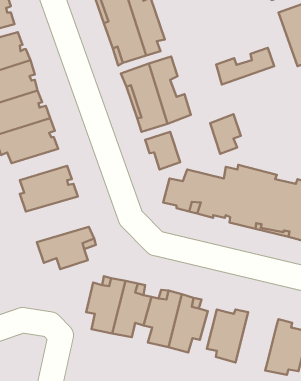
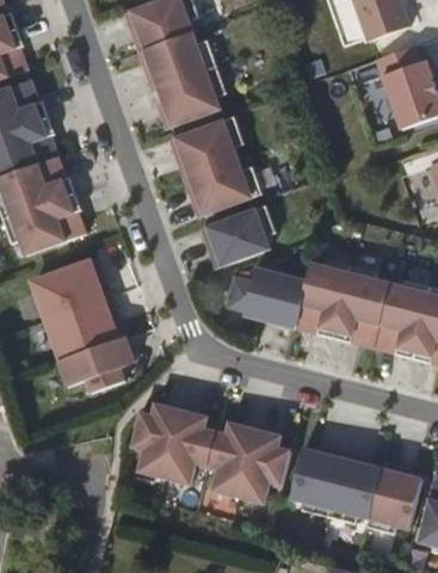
building: [216,48,274,84] -> none
building: [210,114,241,154] -> [235,202,276,254]
building: none -> [43,300,127,359]
building: none -> [322,454,377,528]

